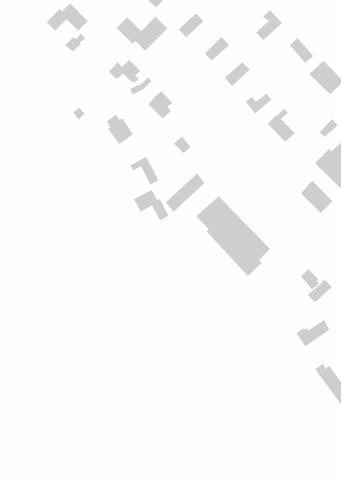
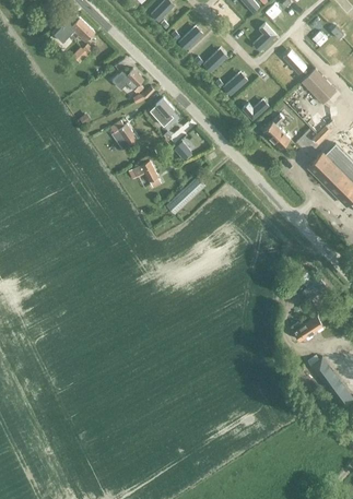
building: [116,16,168,52] -> none
building: [300,180,333,214] -> none
building: [133,189,169,221] -> none
building: [196,195,271,277] -> none

